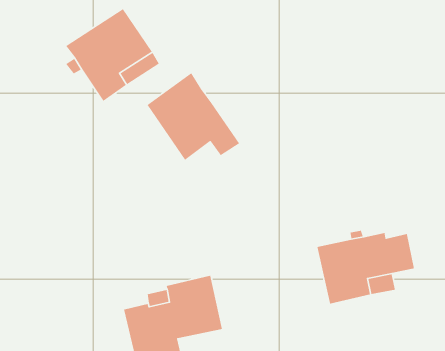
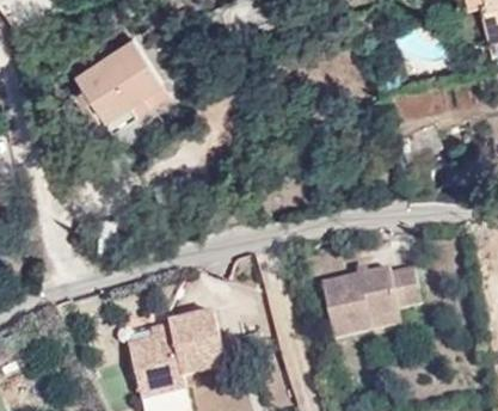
building: [147,72,240,161] -> none

